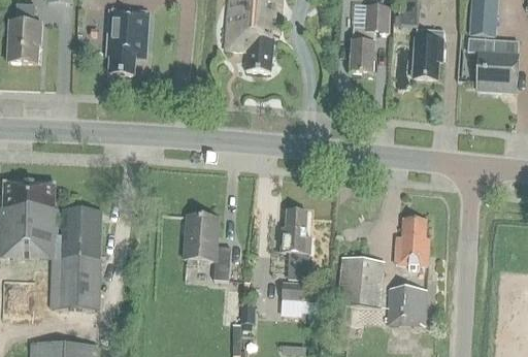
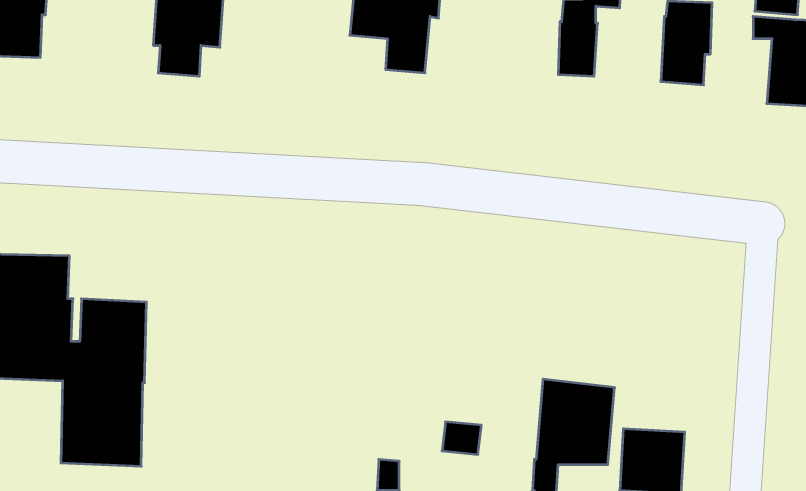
building: [279,209,309,280] -> none
building: [183,215,230,280] -> none
building: [394,217,429,264] -> none

